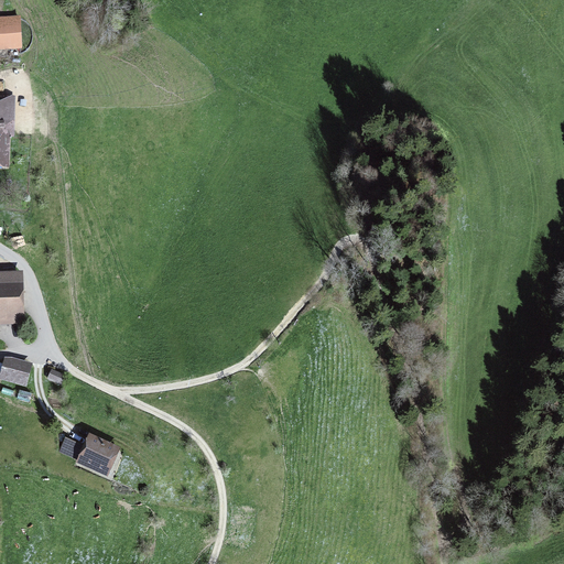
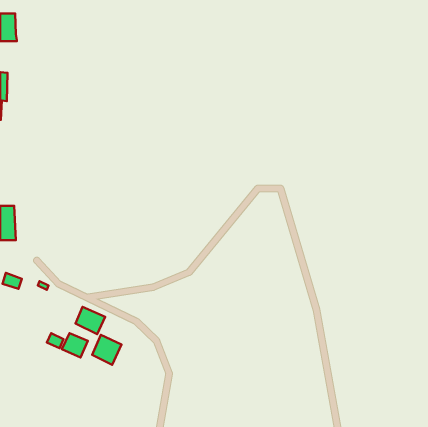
building: none -> [75,307,105,334]
building: none -> [92,335,122,365]

